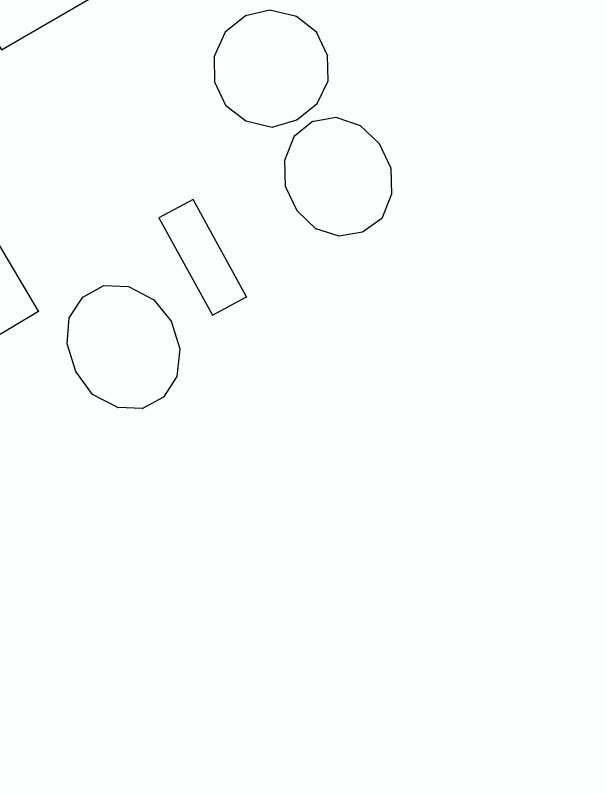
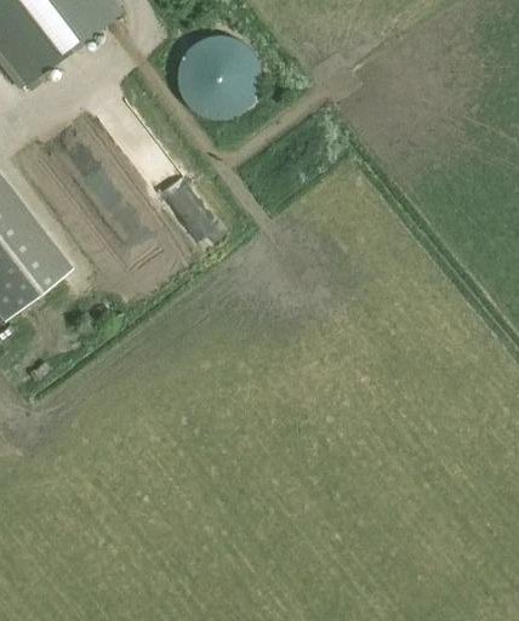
building: [285,117,392,236] -> none
building: [67,286,180,409] -> none

